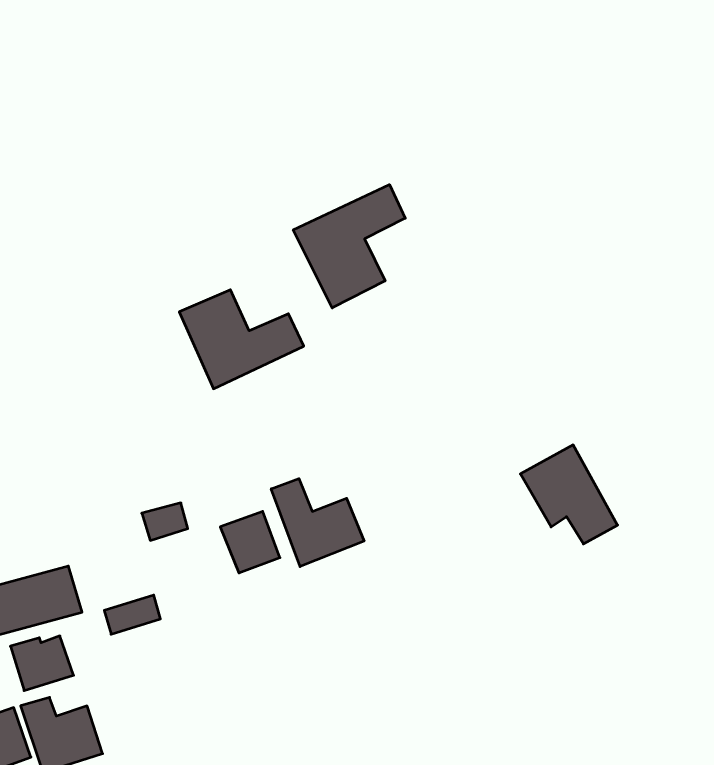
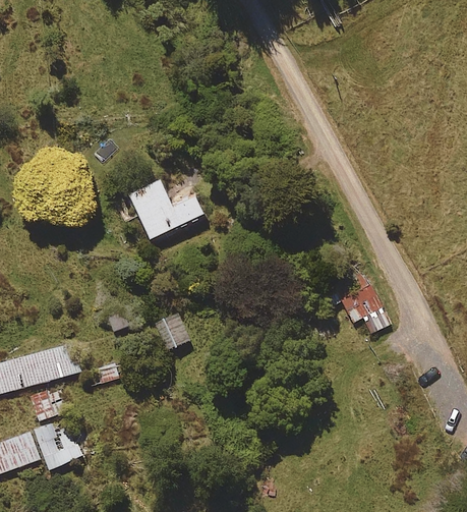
building: [293,185,405,308] -> none
building: [271,479,364,567] -> none

